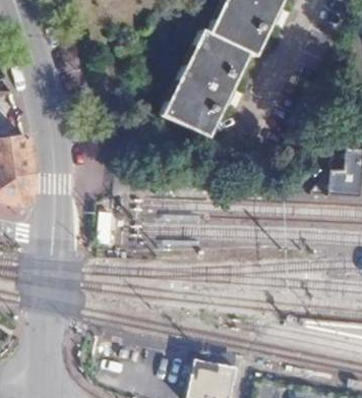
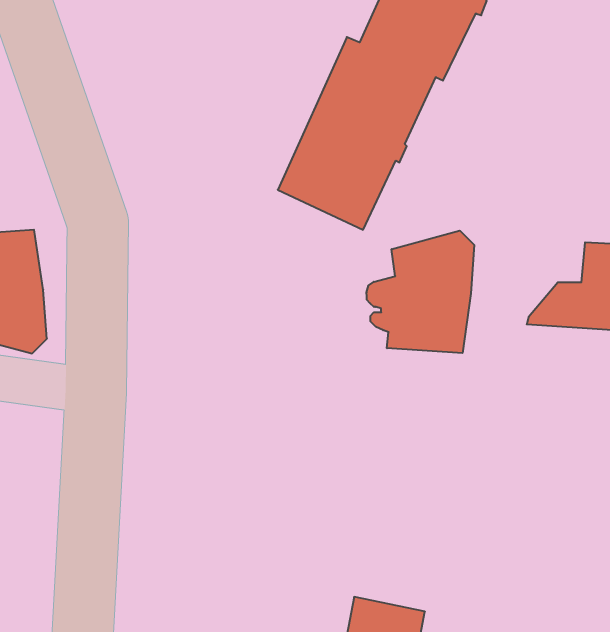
building: none -> [367,231,474,353]

